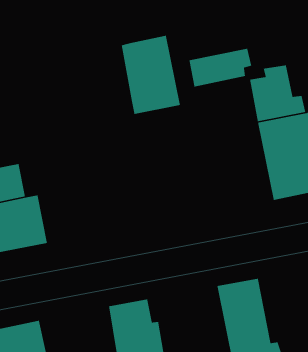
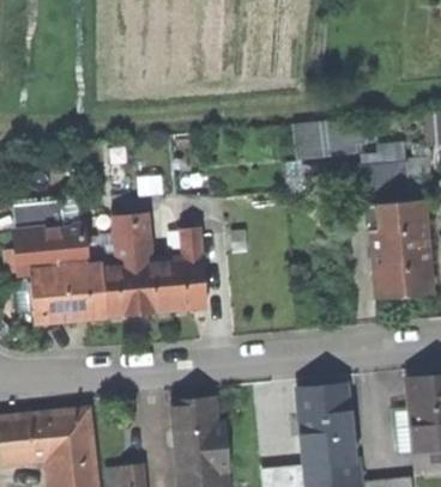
building: [121,35,181,115] -> none
building: none -> [104,213,211,319]

